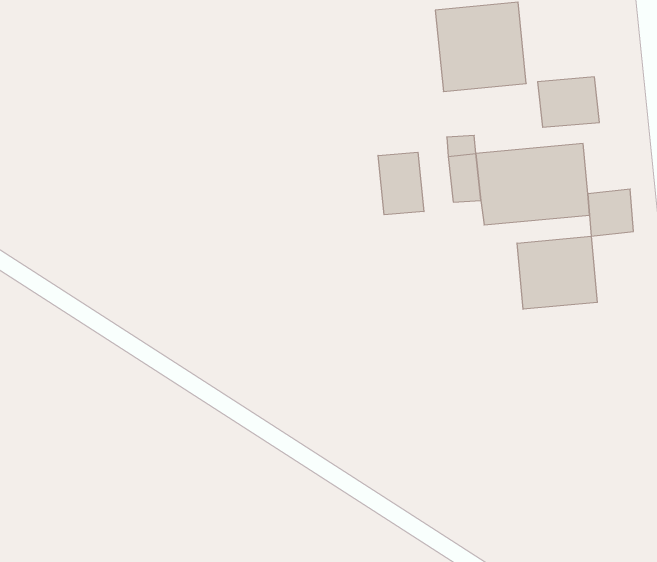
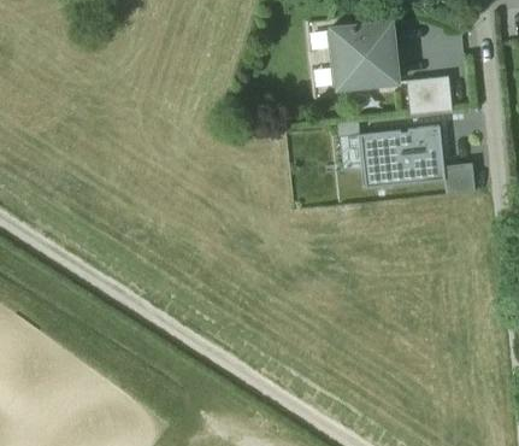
building: [378,152,424,215] -> none
building: [517,236,597,309] -> none

